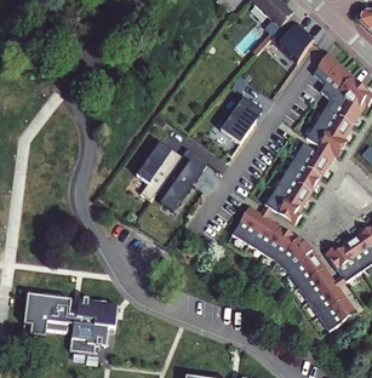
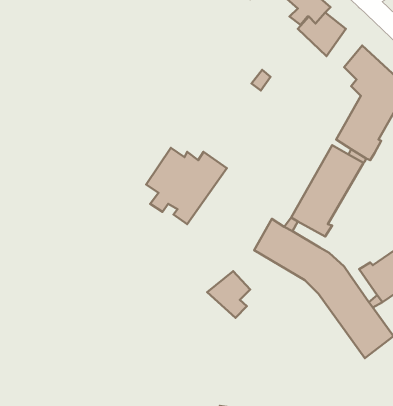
building: [221,97,263,144] -> none
building: none -> [207,271,250,318]
building: [23,292,118,353] -> none

